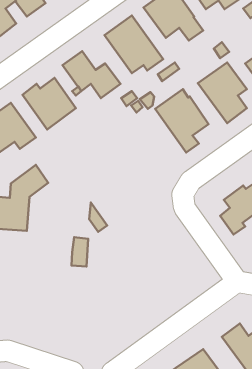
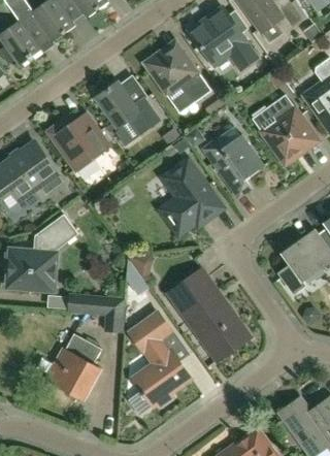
building: none -> [161,158,224,236]
building: none -> [168,269,250,361]
building: none -> [68,294,107,315]
building: none -> [129,312,191,406]
building: none -> [44,333,101,399]

